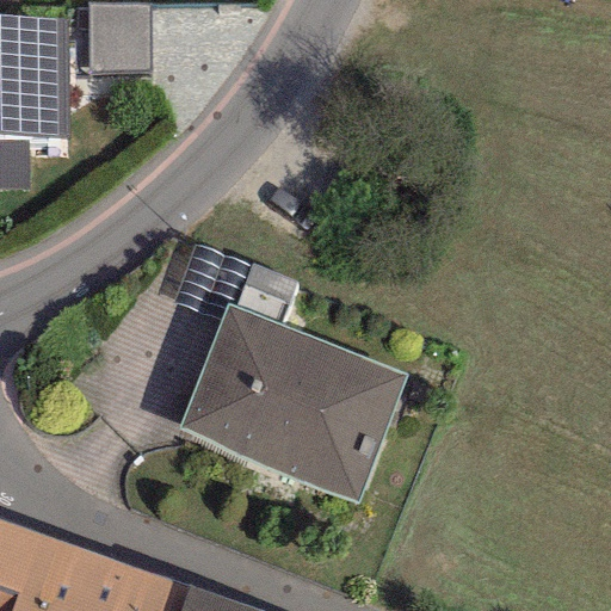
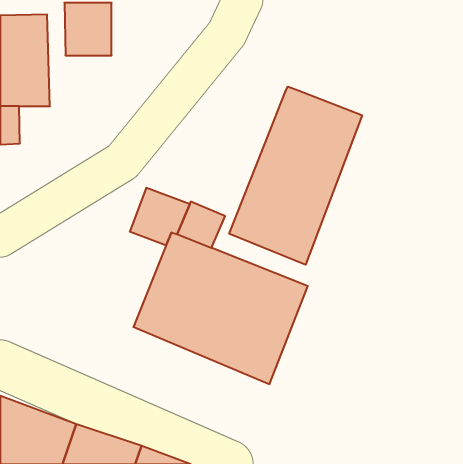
building: none -> [229,87,362,265]

